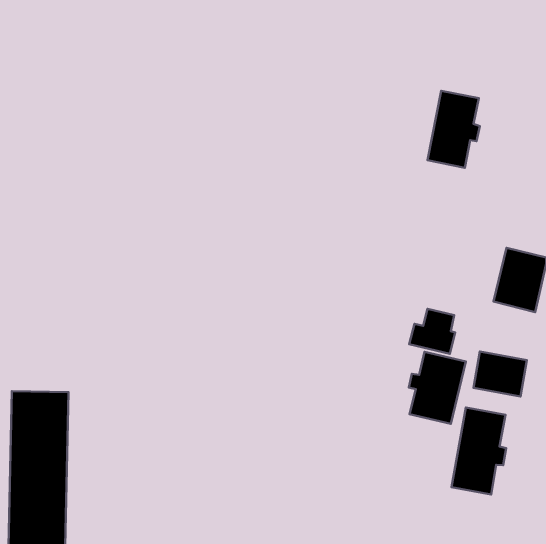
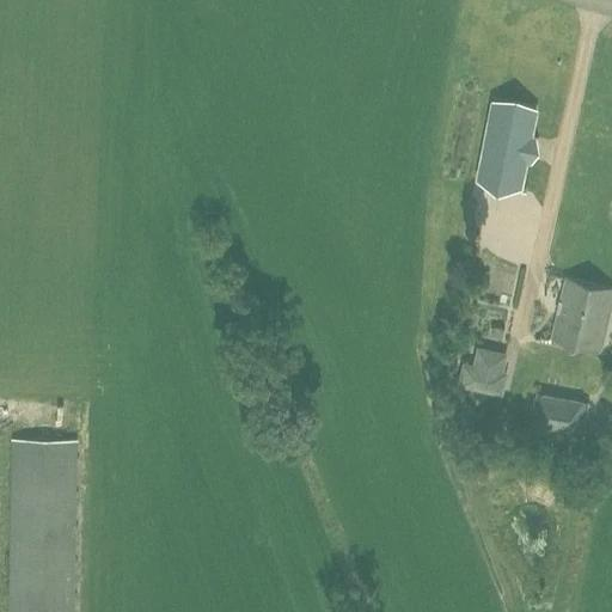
building: [409,352,466,424] -> none
building: [451,408,506,494] -> none

